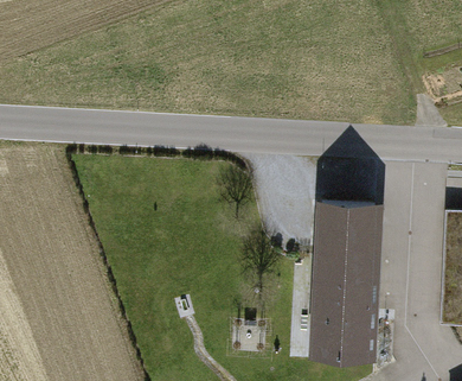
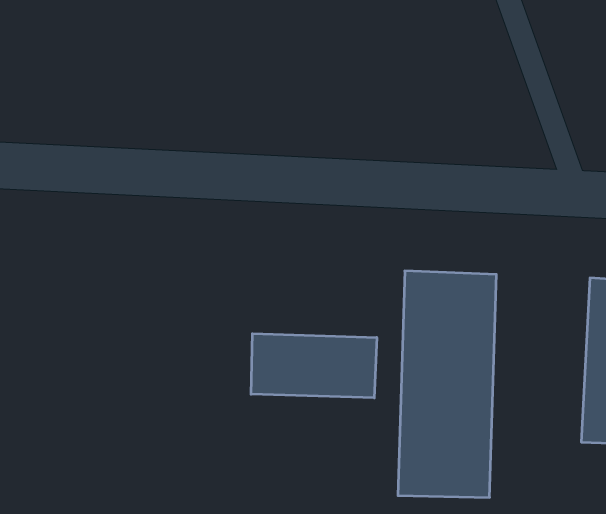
building: none -> [251,334,377,398]

